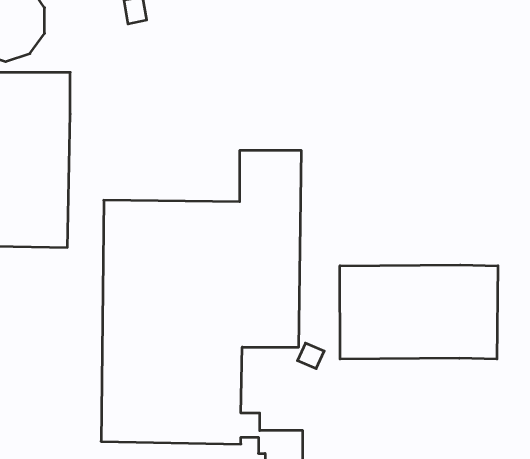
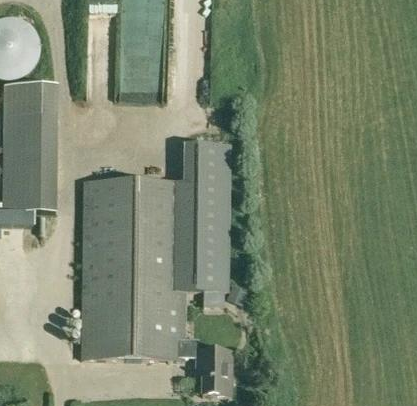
building: [340,265,498,359] -> none

